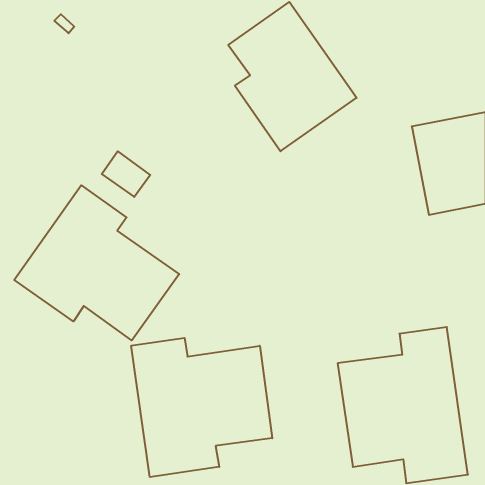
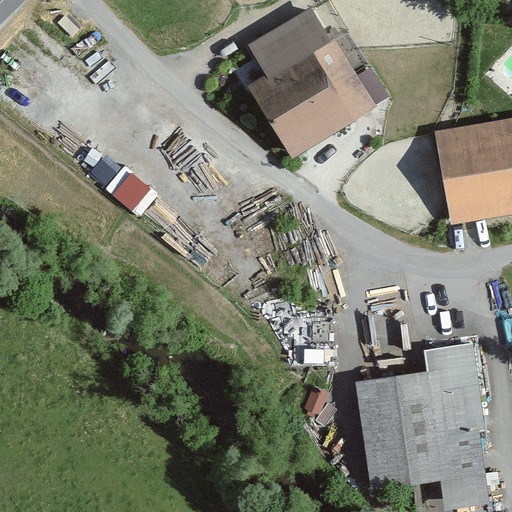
building: [14,185,179,340] -> none
building: [131,338,272,477] -> none

